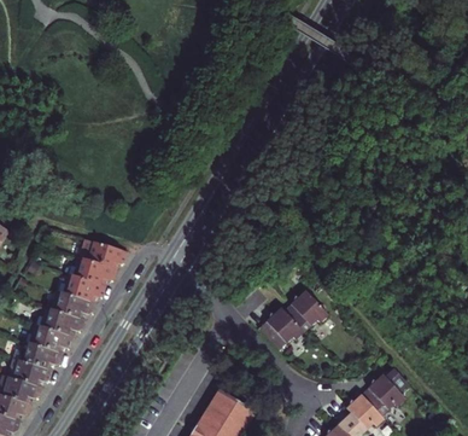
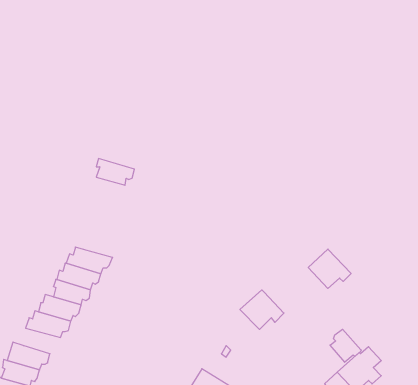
building: [93,245,133,273] -> [96,159,134,185]
building: [281,290,326,331] -> [308,249,351,288]
building: [29,345,69,373] -> none
building: none -> [330,329,361,362]

